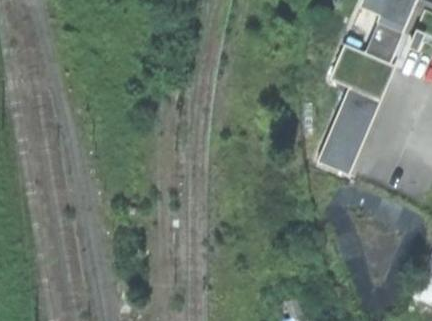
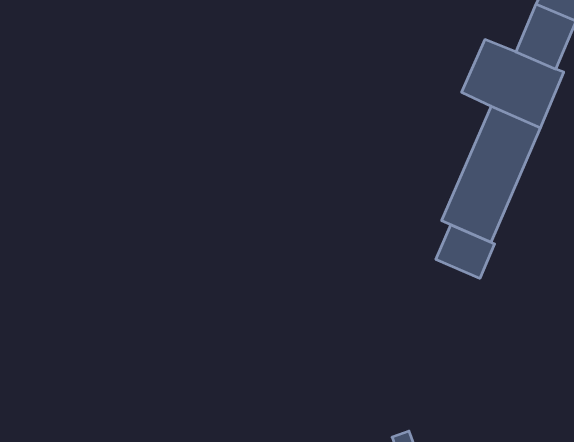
building: none -> [436,225,495,278]

